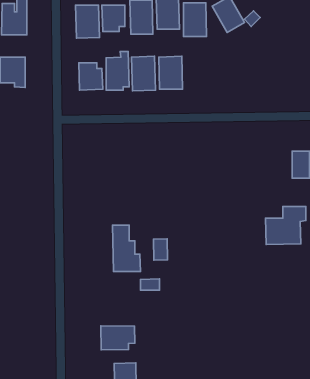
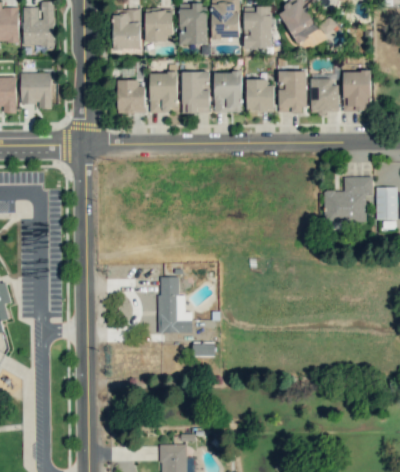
building: none -> [278,71,306,113]
building: none -> [343,71,371,110]
building: none -> [310,75,339,113]
building: none -> [247,79,274,111]
building: [265,207,306,245] -> [323,177,372,223]
building: [153,239,168,260] -> none
building: [101,326,135,350] -> none

